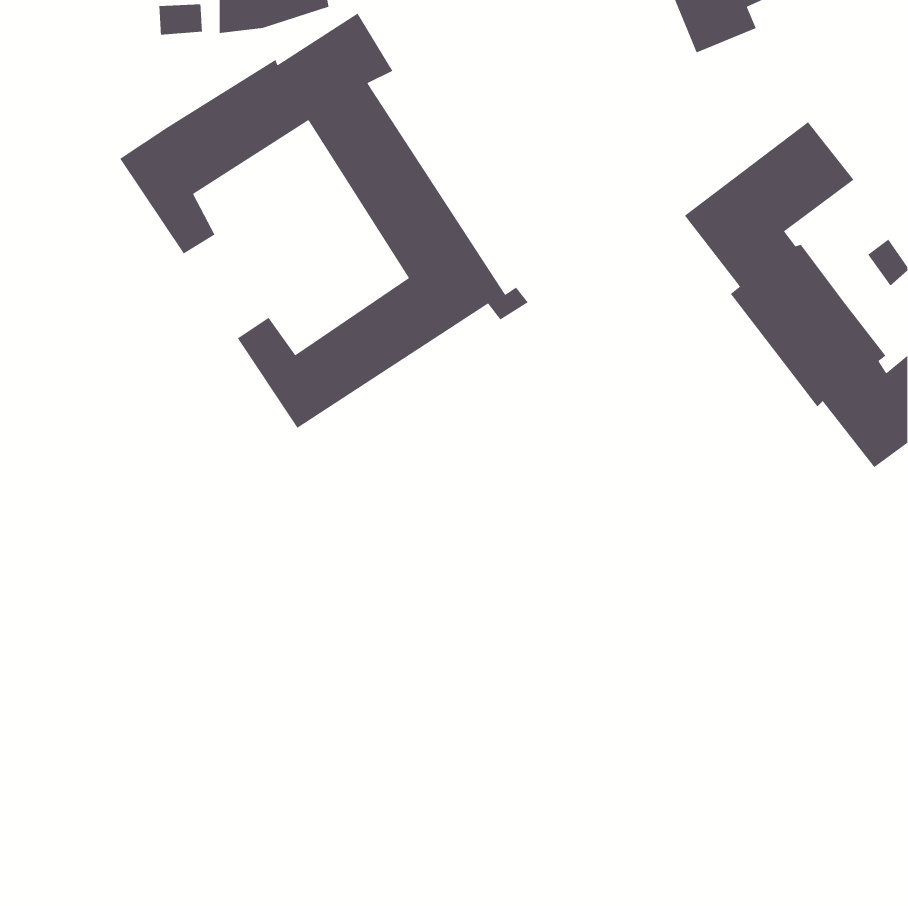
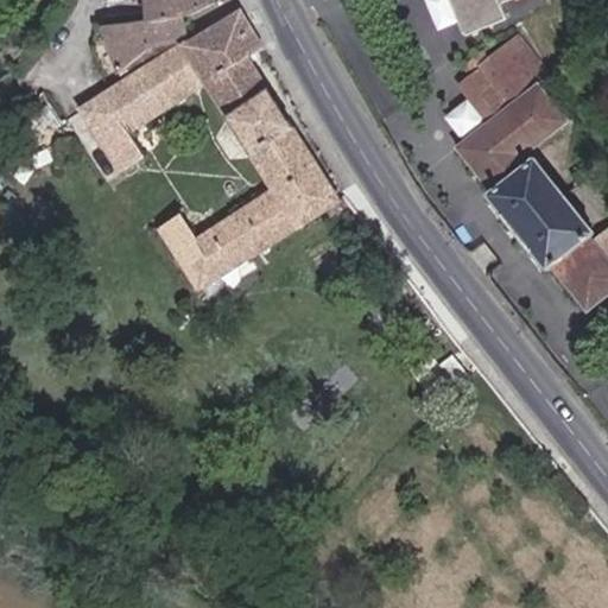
building: none -> [106,19,180,68]
building: none -> [460,33,550,119]

